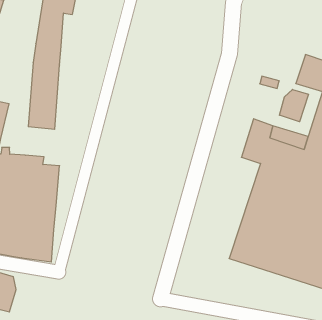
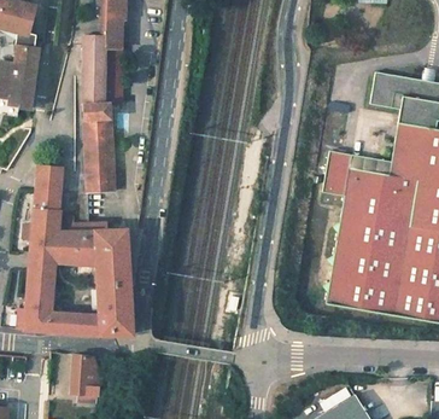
building: [279,89,309,122] -> none

